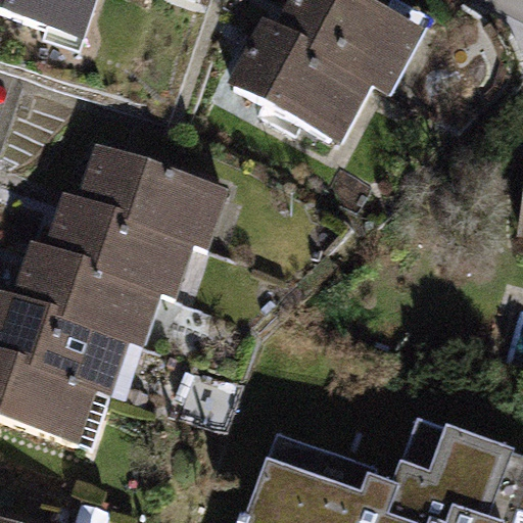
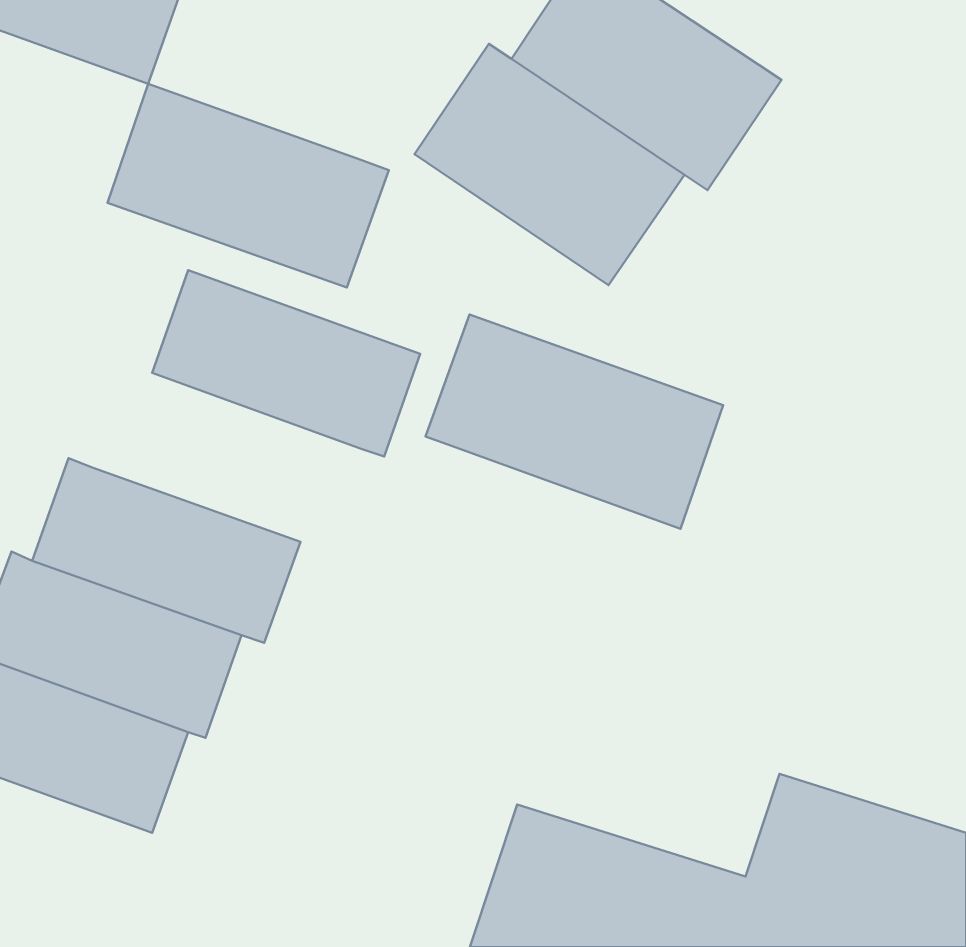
building: none -> [108,84,389,288]
building: none -> [426,314,723,529]
building: [50,196,194,295] -> none

